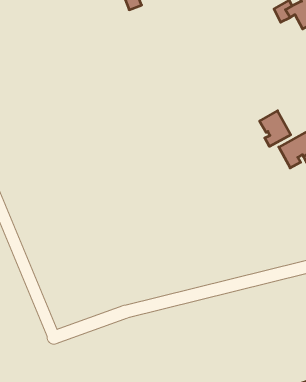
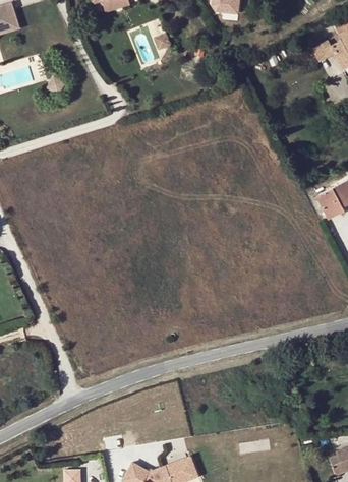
building: [260,111,291,146] -> none

